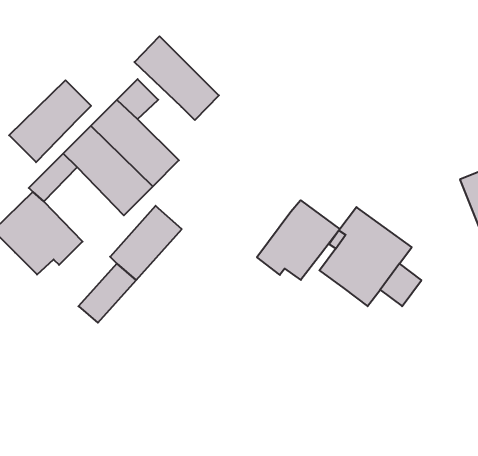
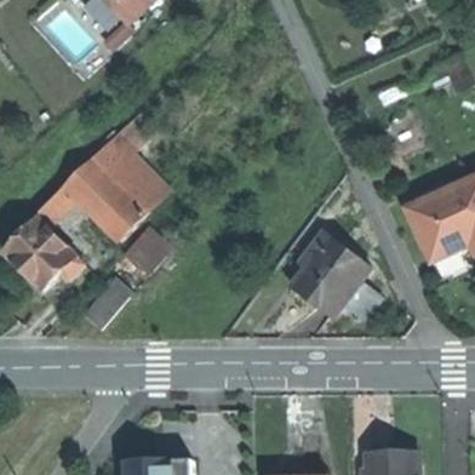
building: [134,36,219,120] -> none
building: [9,80,91,162] -> none
building: [257,200,340,280] -> none

